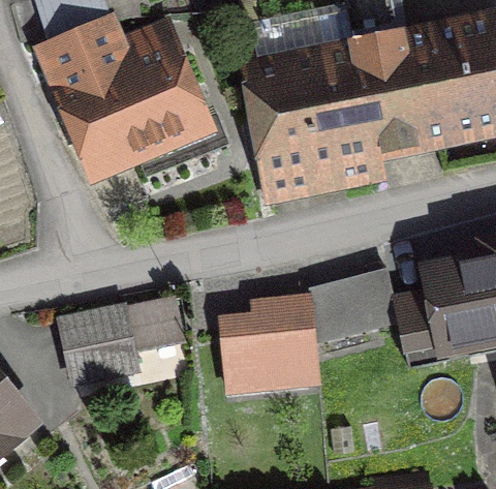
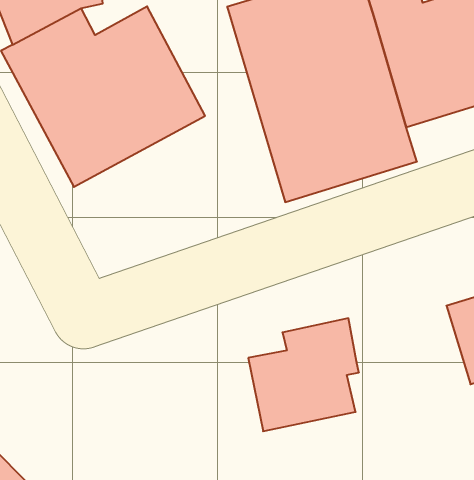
building: [309,277,392,343] -> none
building: [62,298,188,383] -> none

